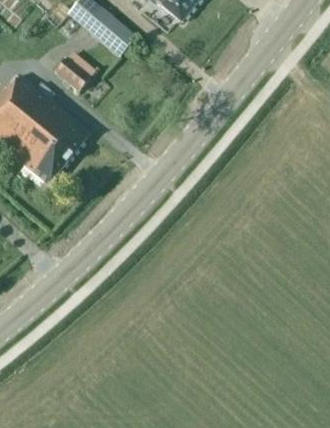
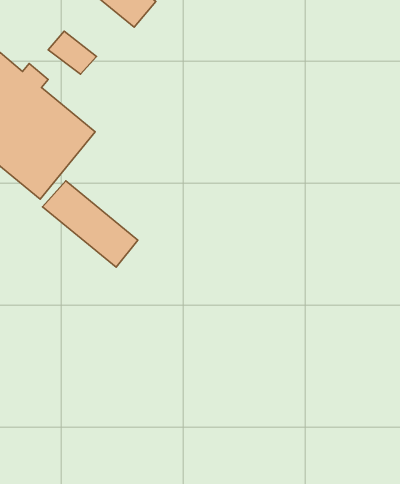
building: none -> [42,181,138,267]

